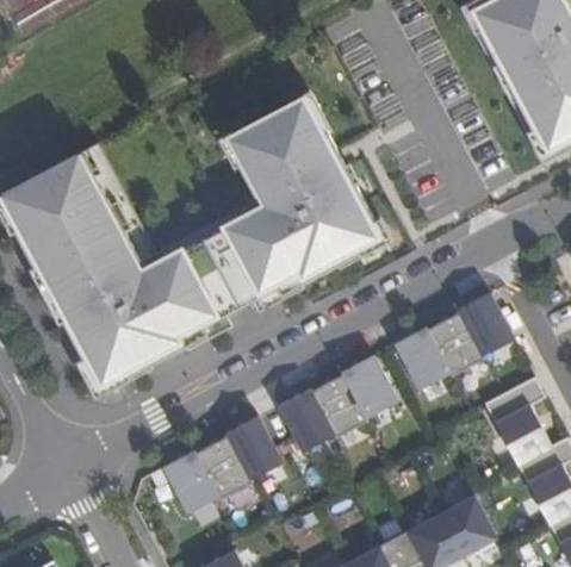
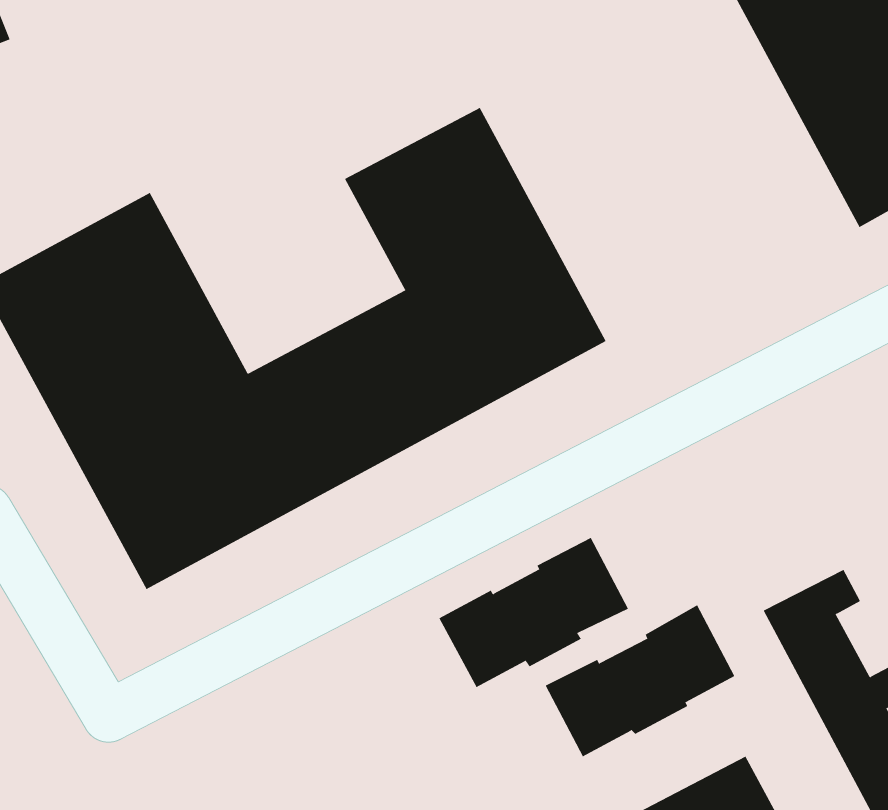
building: [395,295,515,392] -> [545,604,735,757]
building: [163,418,284,515] -> none

